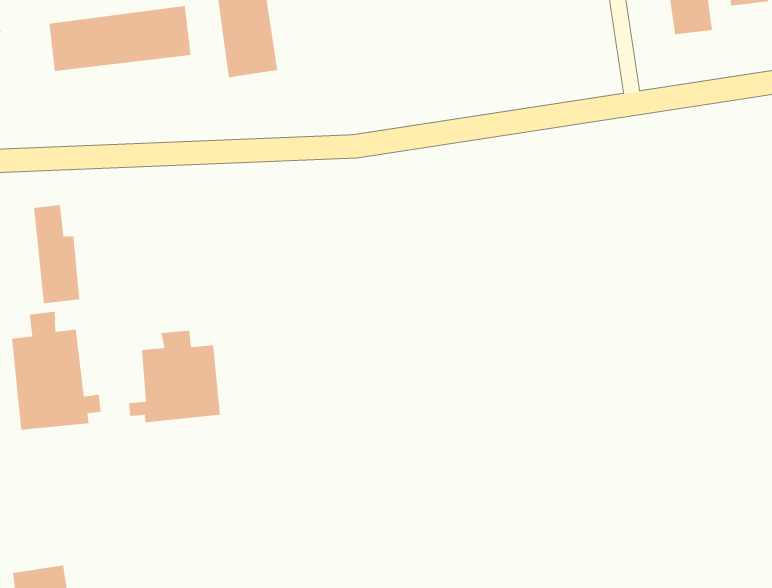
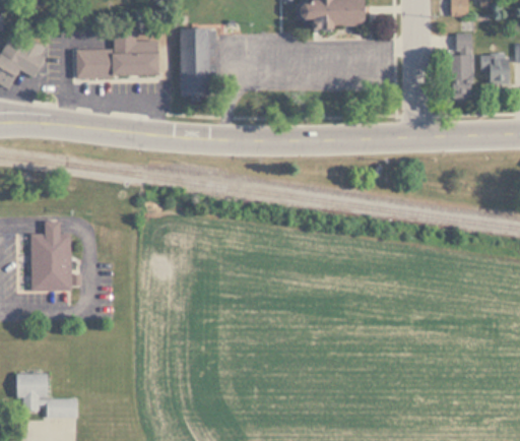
building: [33,204,80,304] -> none
building: [128,330,221,423] -> none

